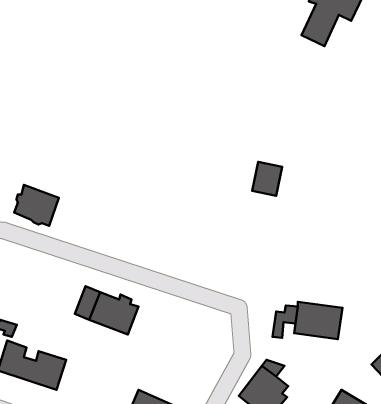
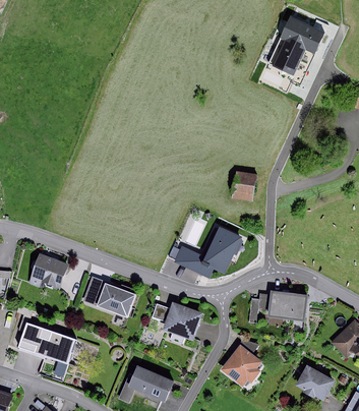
building: [14,185,59,226] -> [29,253,67,288]
building: none -> [174,226,242,278]
building: none -> [152,303,202,341]

